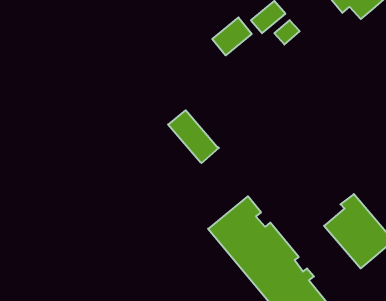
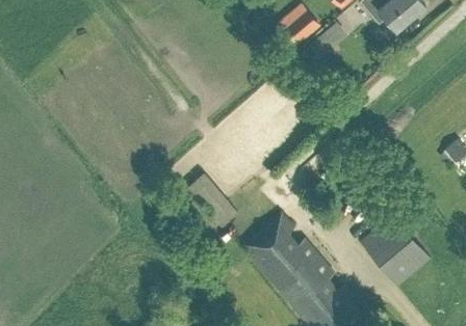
building: [212,17,252,55] -> none
building: [168,110,219,163] -> [186,173,238,227]

